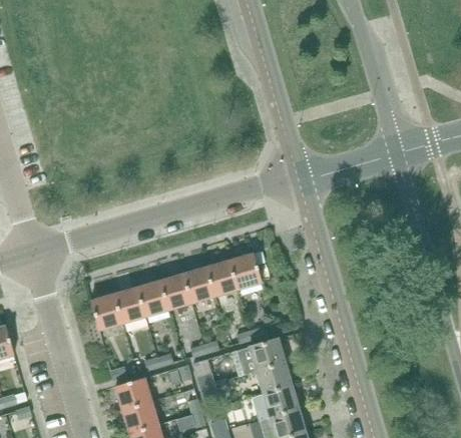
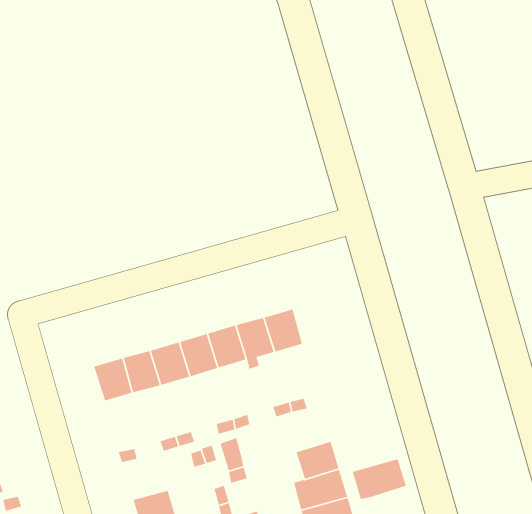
building: [240,339,285,373] -> [352,458,407,500]
building: [115,378,151,410] -> none

